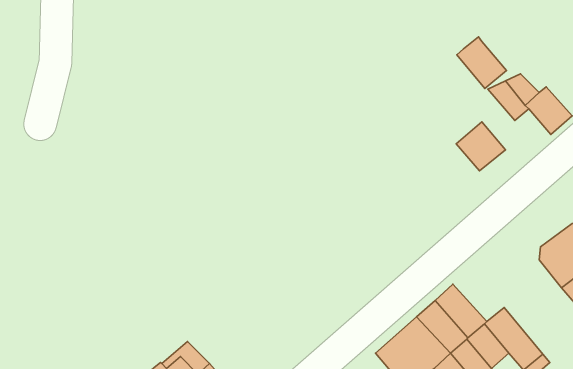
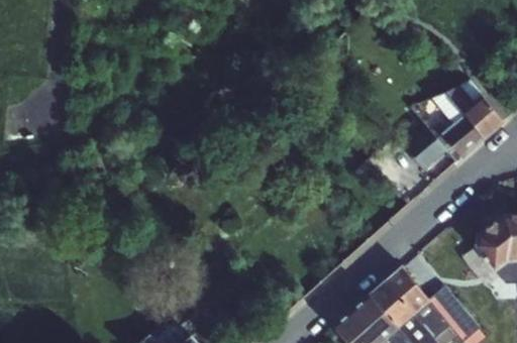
building: [457,37,506,88] -> none
building: none -> [442,116,486,158]

